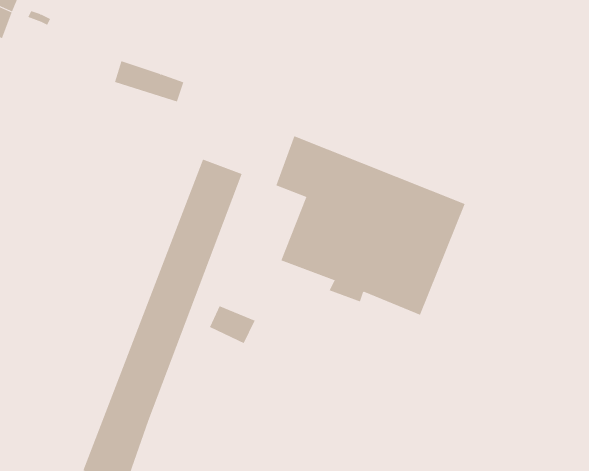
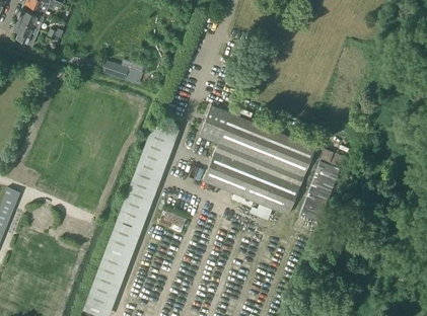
building: none -> [300,149,345,224]

